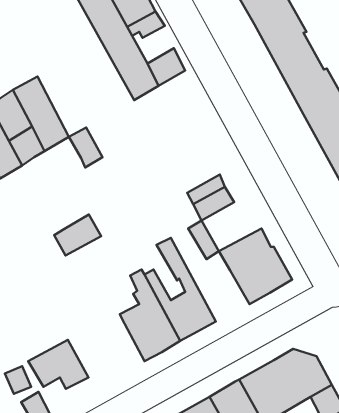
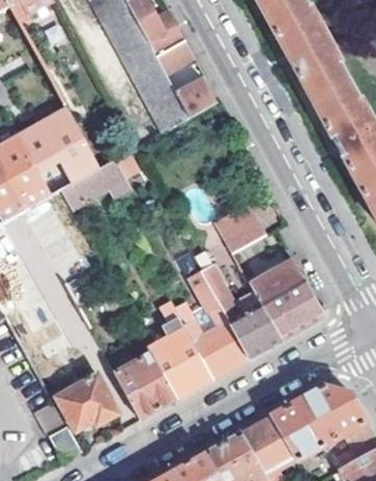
building: [54,215,101,255] -> [62,169,110,210]
building: none -> [201,266,281,356]
building: none -> [114,353,174,417]

